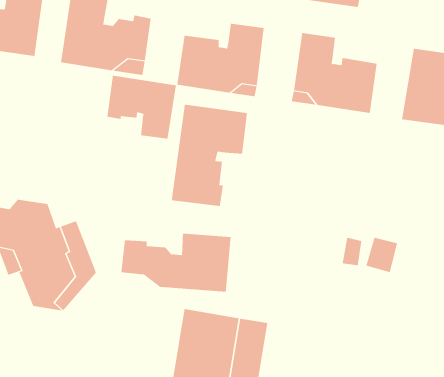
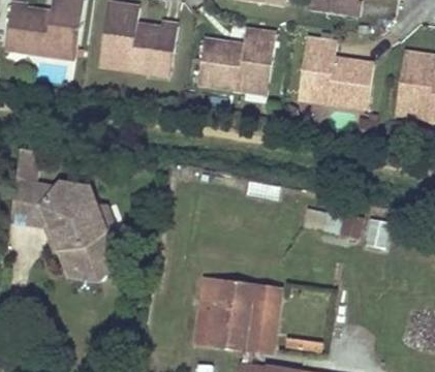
building: [107,75,177,139] -> none
building: [171,104,248,207] -> none
building: [121,233,231,292] -> none

